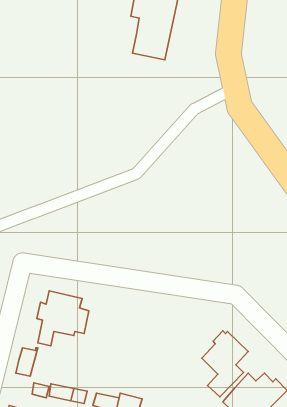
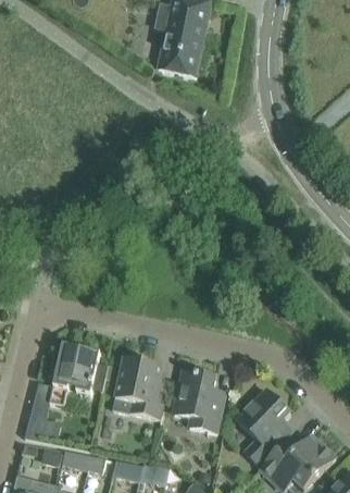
building: none -> [113,357,167,419]
building: none -> [173,370,225,432]

